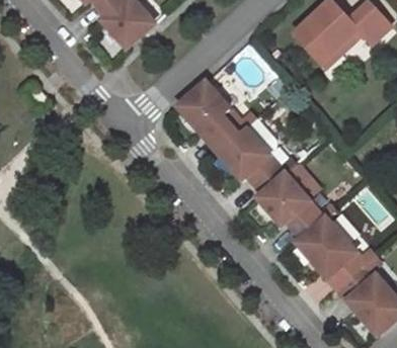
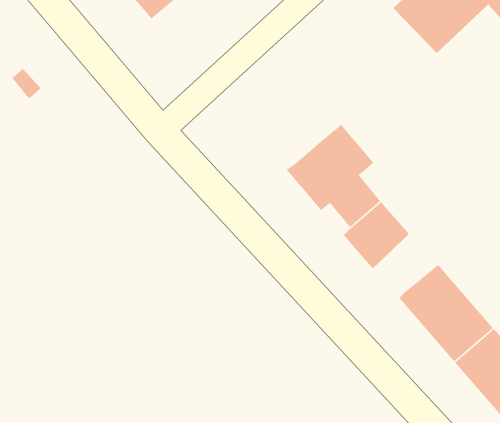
building: [179,84,246,147] -> none
building: [280,196,325,237] -> none

